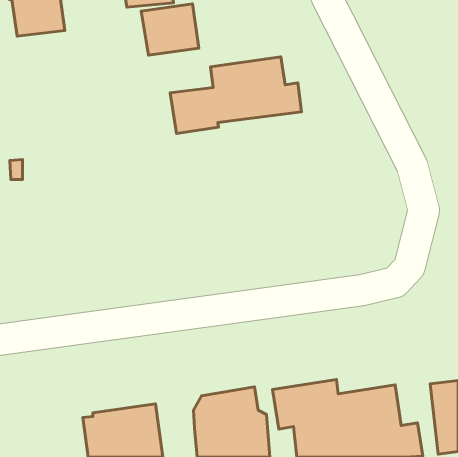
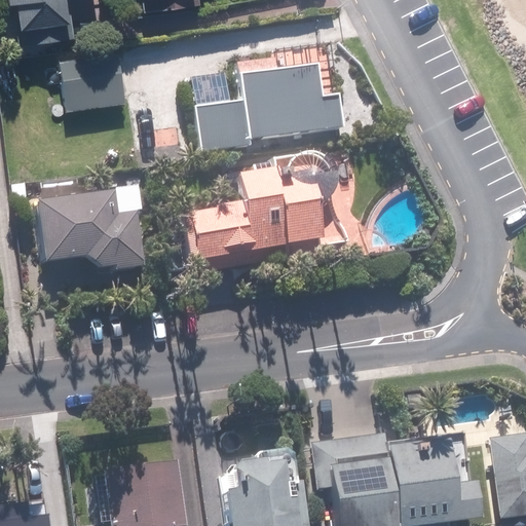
building: [141,4,199,55] -> [59,48,124,107]
building: none -> [176,153,341,271]
building: none -> [40,187,145,271]

